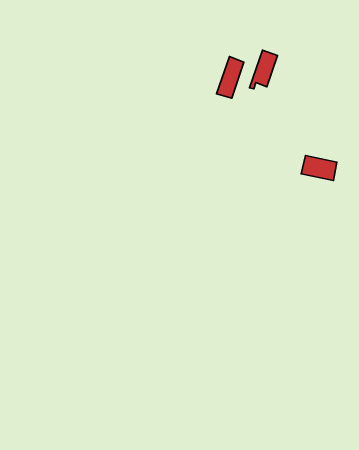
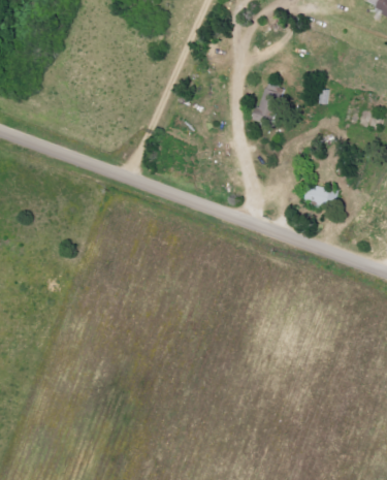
building: [217,57,244,98] -> none

